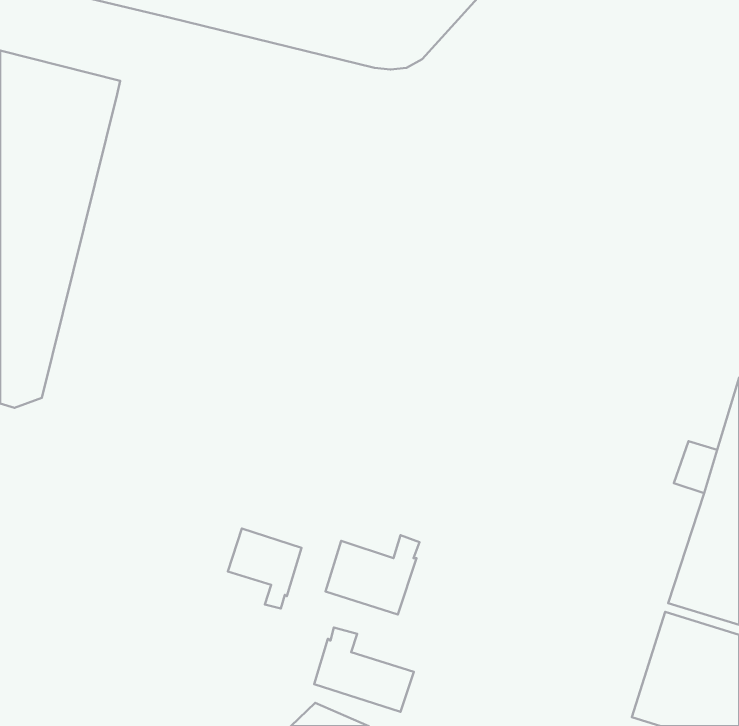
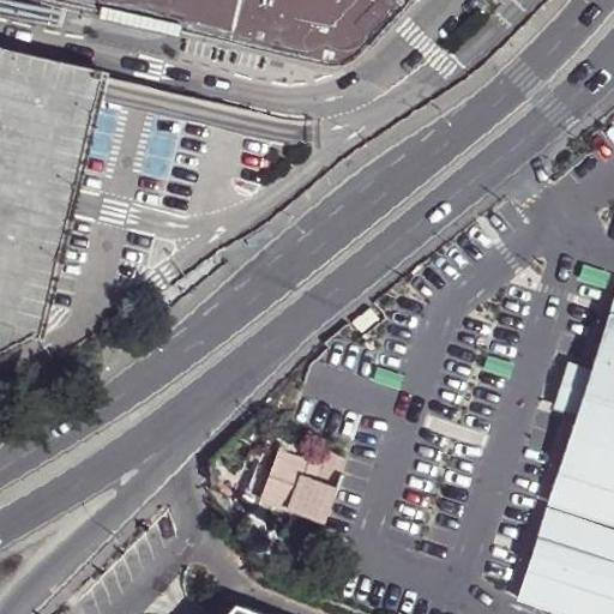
building: [228,529,302,609] -> none
building: [314,627,414,712] -> none

